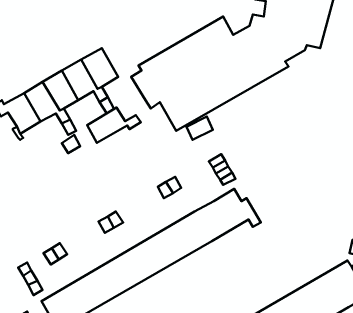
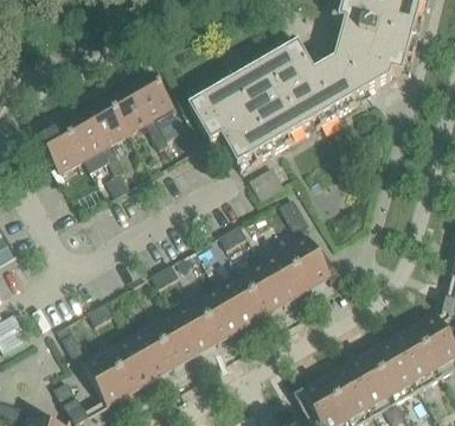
building: [87,108,141,143] -> none

